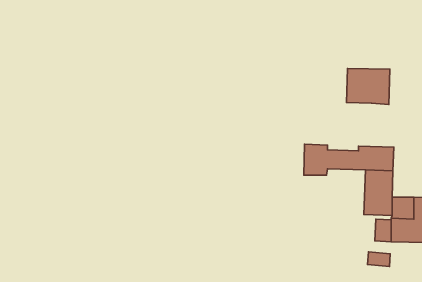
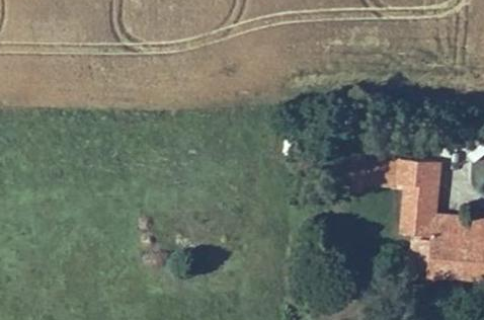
building: [347,68,390,105] -> none

